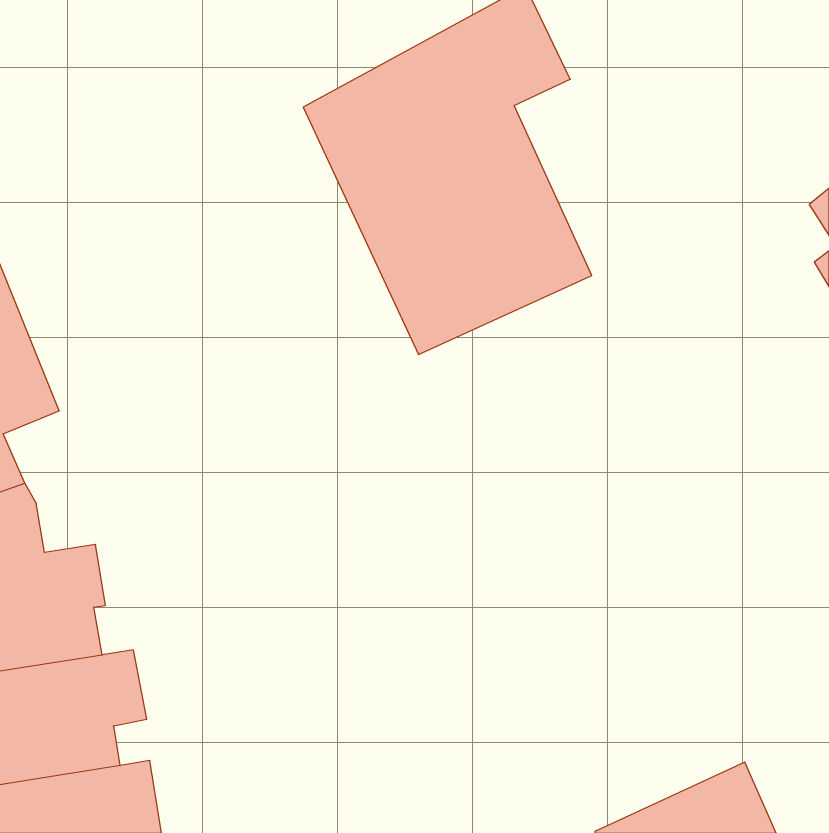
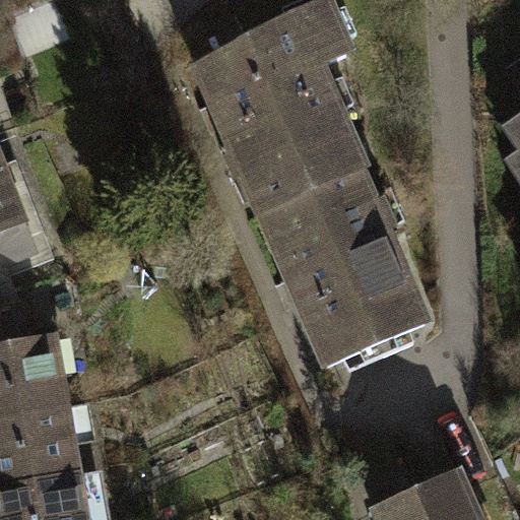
building: none -> [258,170,436,372]

